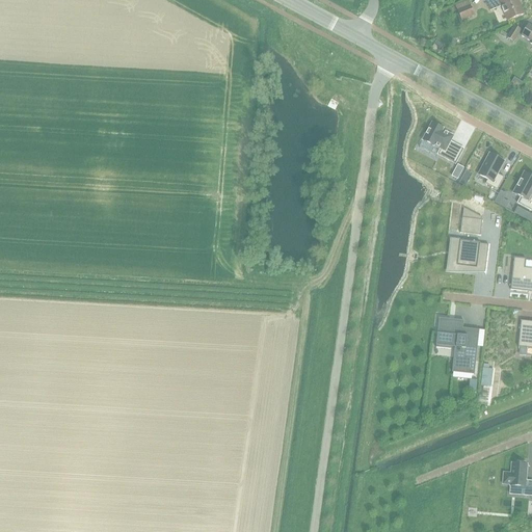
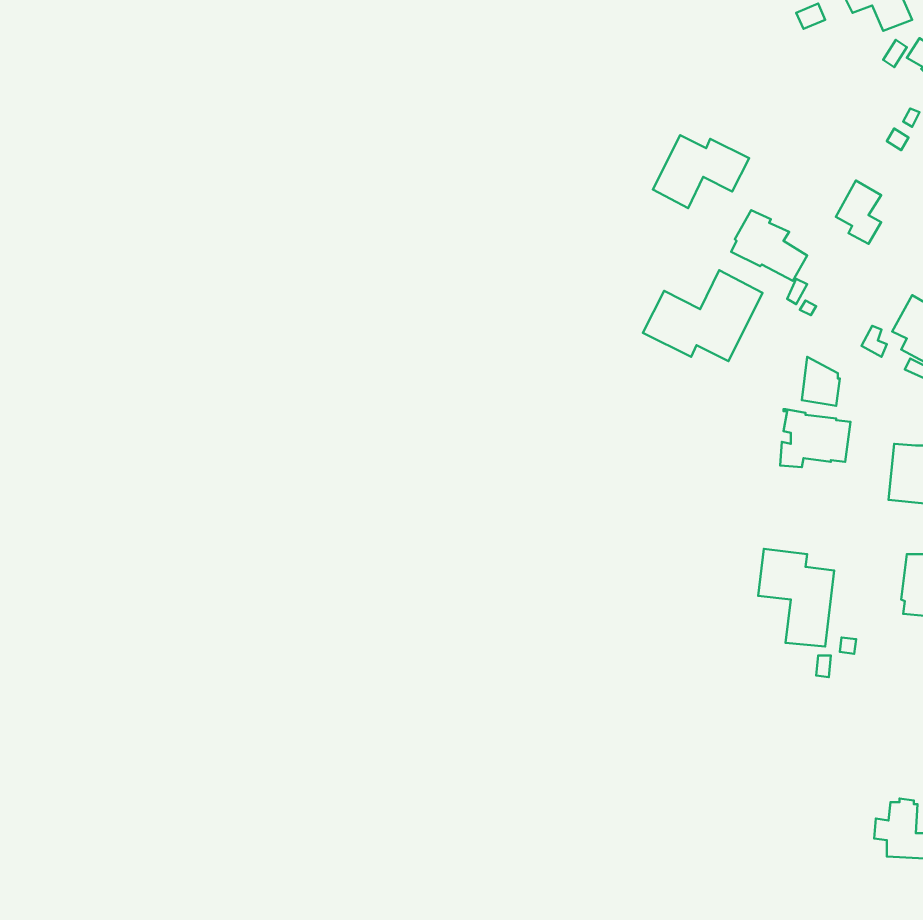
building: none -> [653,135,749,208]
building: [479,151,505,187] -> [836,181,881,244]
building: none -> [643,270,763,361]

